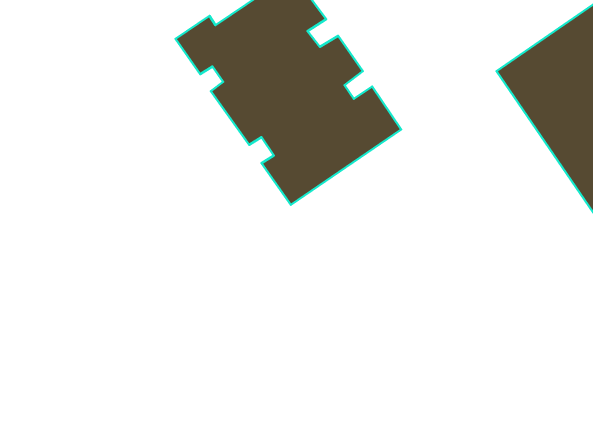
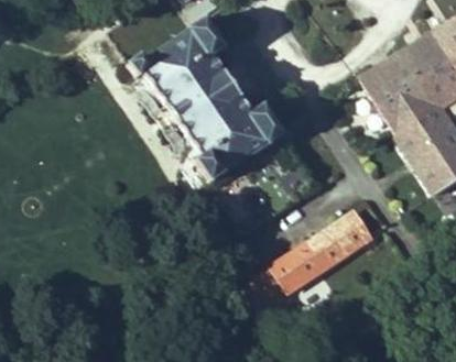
building: none -> [269,197,381,290]

